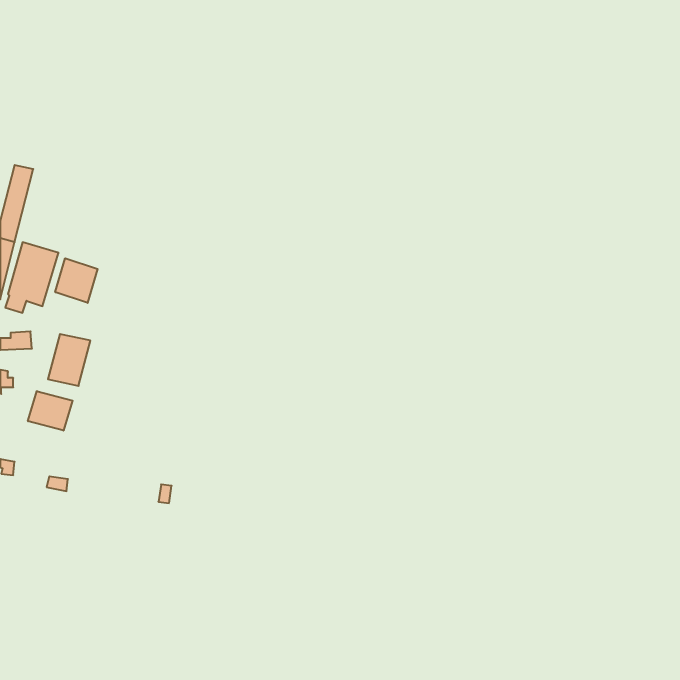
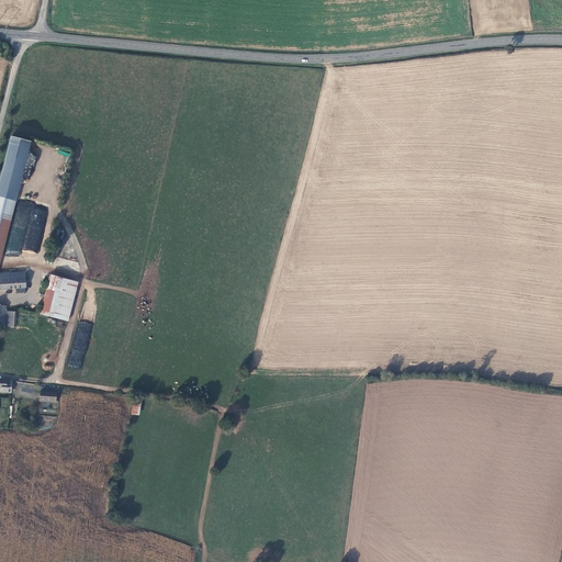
building: [55,258,98,303] -> none
building: [28,391,73,431] -> none

